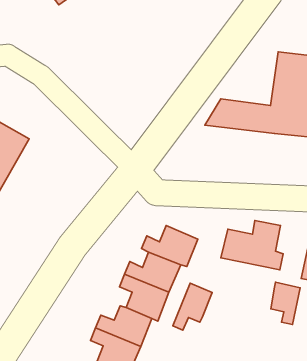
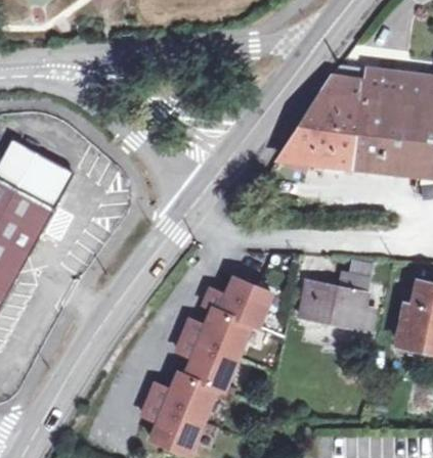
building: none -> [300,64,369,134]
building: [271,282,300,325] -> none
building: [173,283,212,330] -> none

